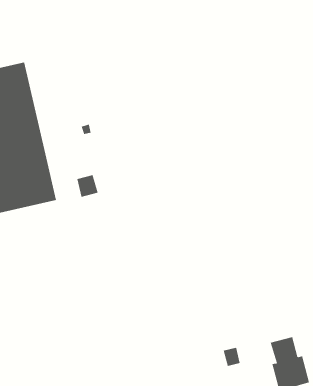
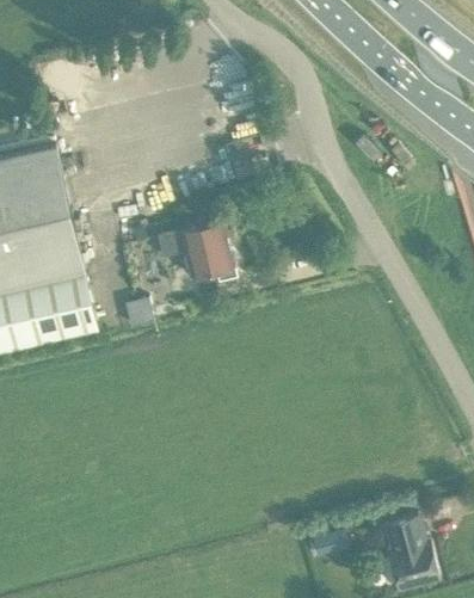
building: none -> [154,218,233,279]

